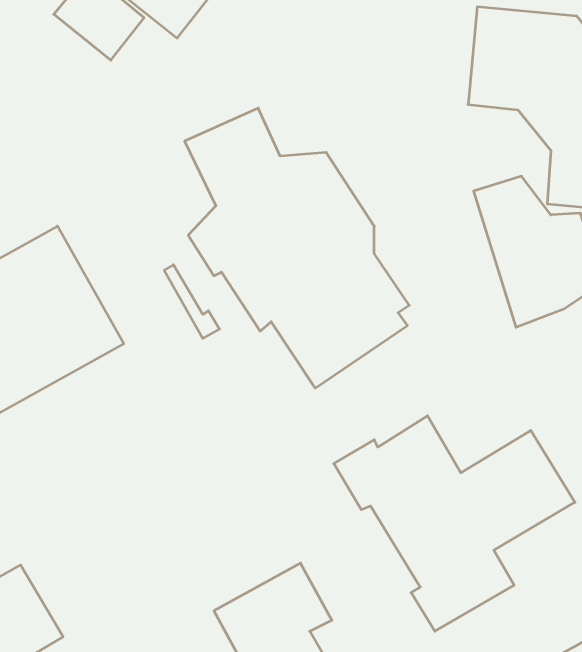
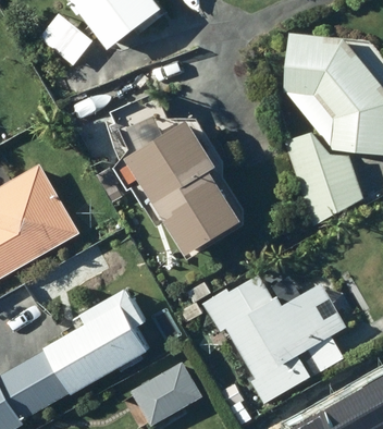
building: none -> [17,289,148,406]

